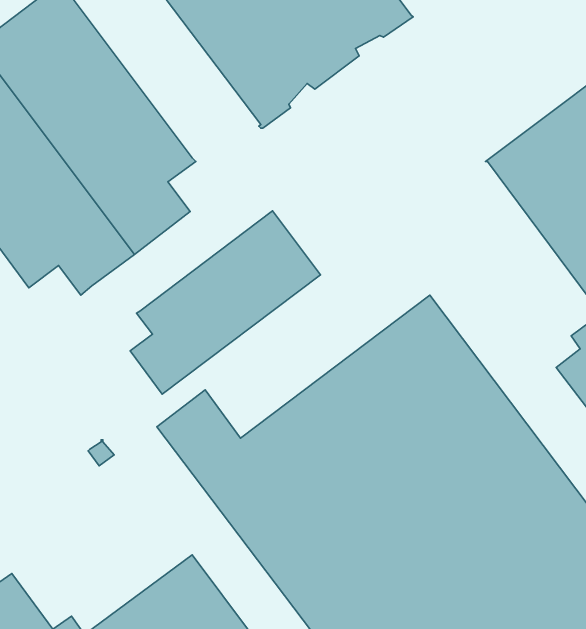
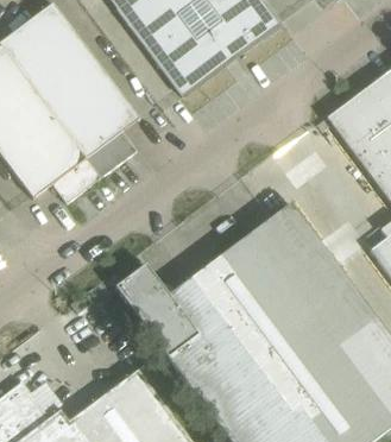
building: [130,211,321,394] -> none

